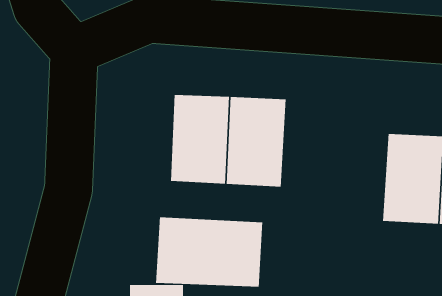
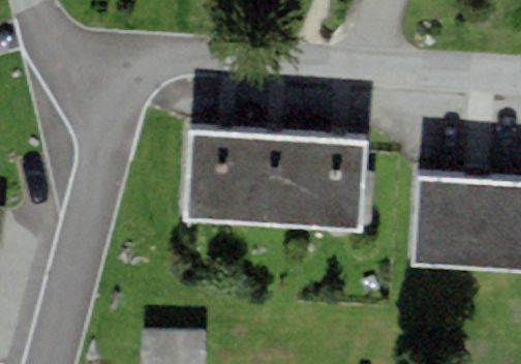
building: none -> [306,132,367,228]
building: [156,217,263,288] -> none

